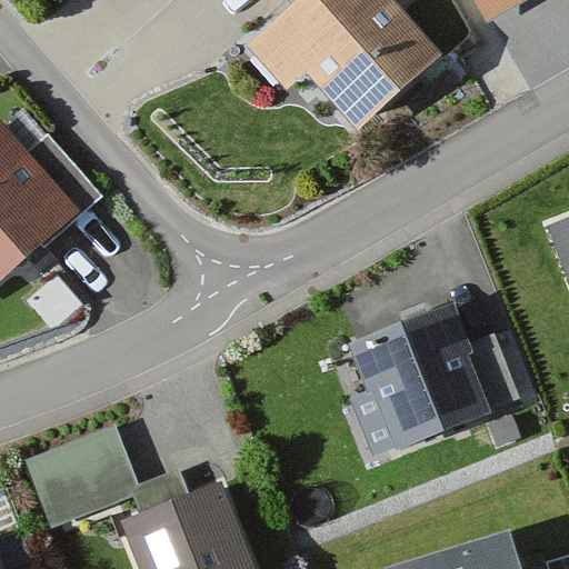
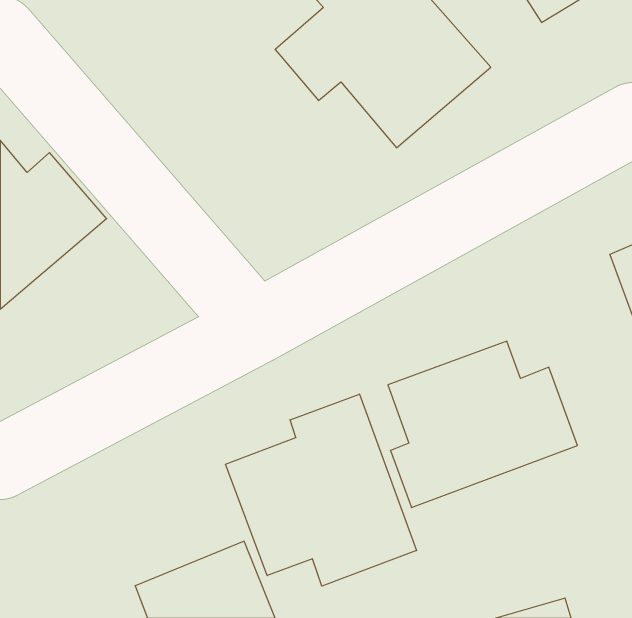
building: none -> [225,394,417,586]
building: [24,423,136,522] -> none

